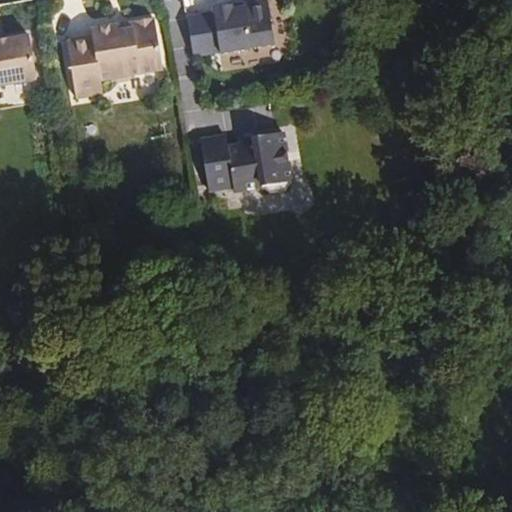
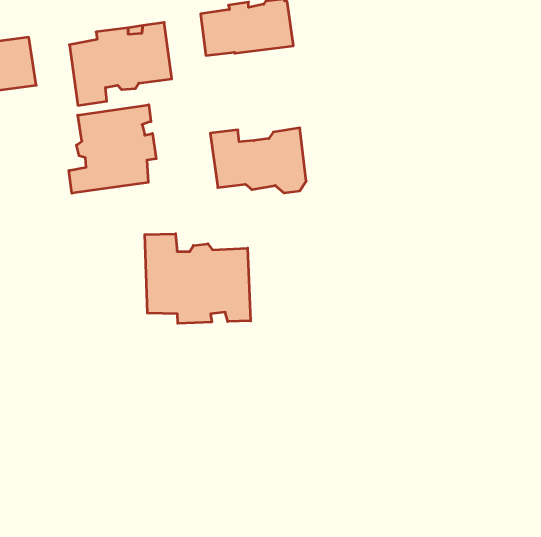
building: none -> [69,105,156,193]
building: none -> [145,234,251,323]

